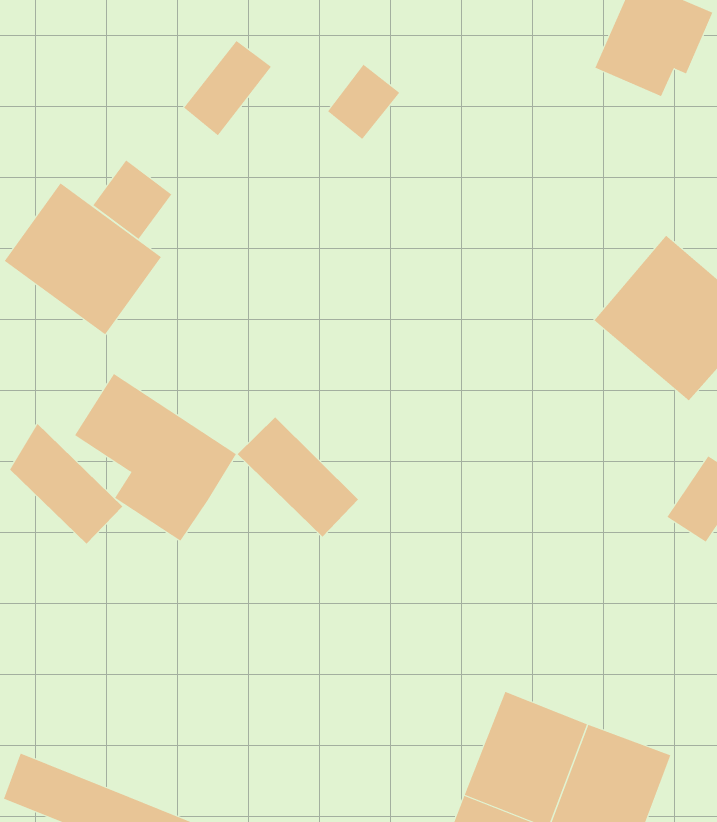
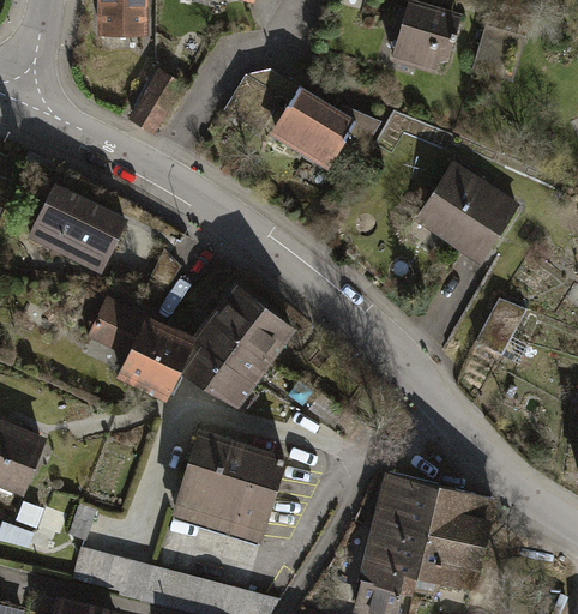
building: none -> [270,84,357,169]
building: [92,159,172,240] -> none
building: none -> [215,284,296,357]
building: [9,423,123,544] -> [179,338,255,413]
building: none -> [169,423,288,542]

